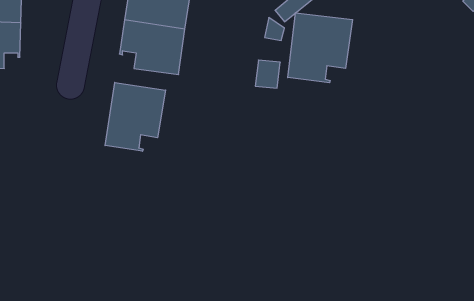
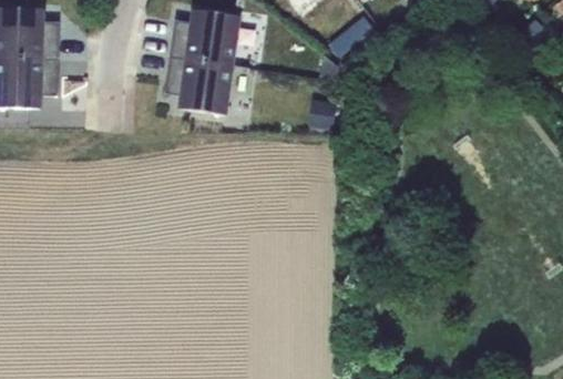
building: [288,13,353,83] -> none
building: [105,82,166,151] -> none

